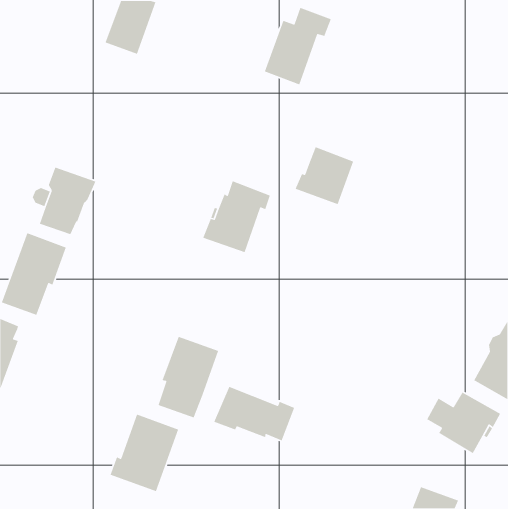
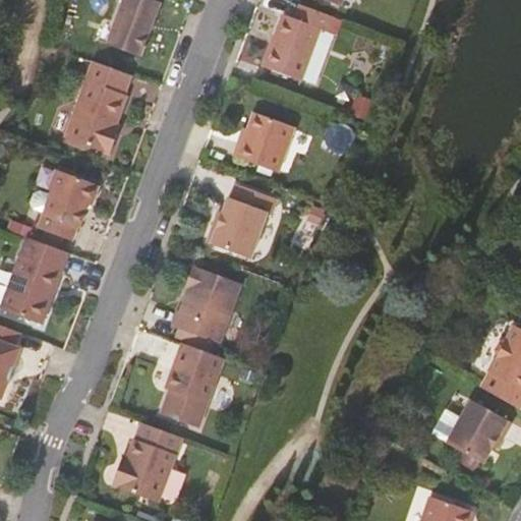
building: none -> [65,61,131,155]
building: [294,146,354,205] -> [233,112,294,172]
building: none -> [168,265,237,342]
building: [213,386,295,442] -> none

